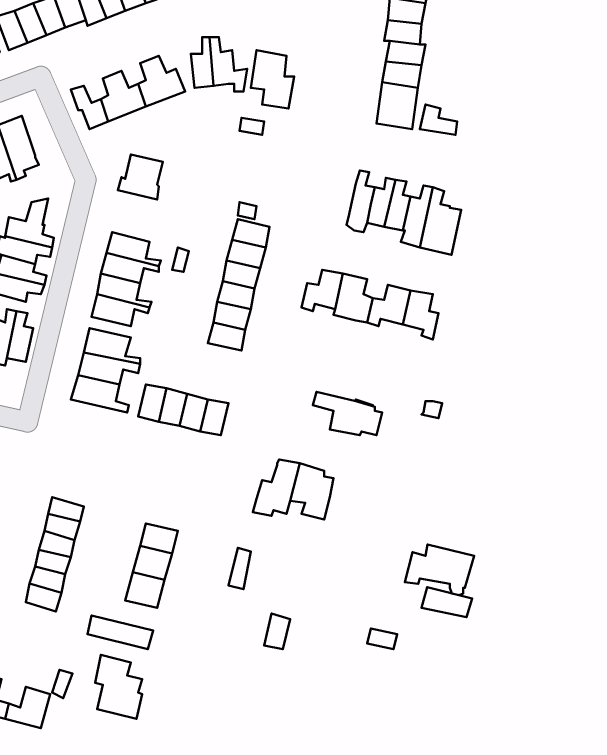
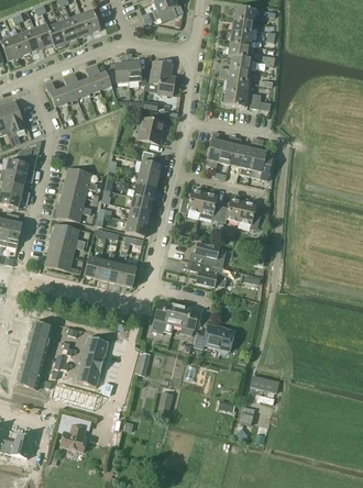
building: [118,154,163,200] -> [136,118,163,144]
building: none -> [188,242,223,268]
building: [405,545,474,595] -> [194,324,234,354]

